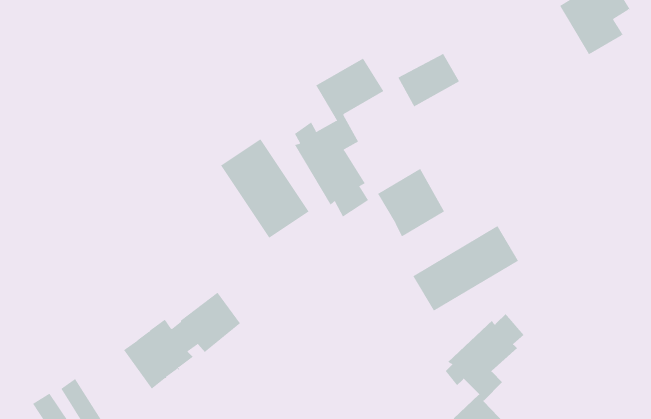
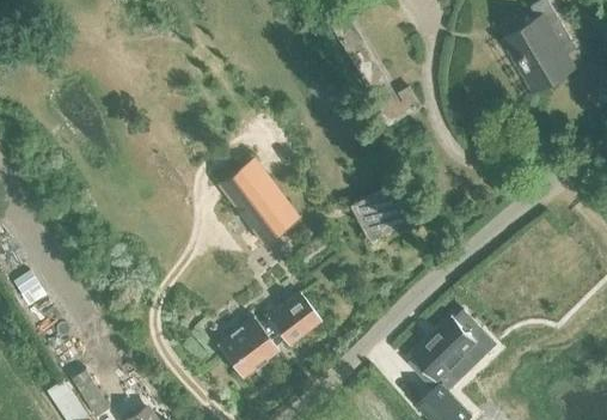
building: [294,58,384,217] -> none
building: [412,225,519,312] -> none
building: [123,292,241,389] -> [219,292,323,378]

